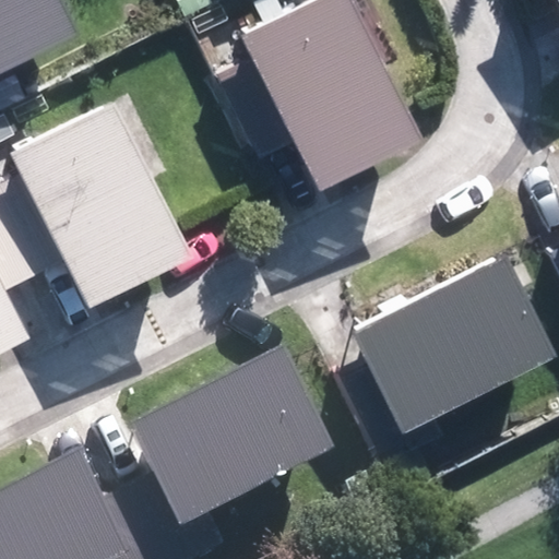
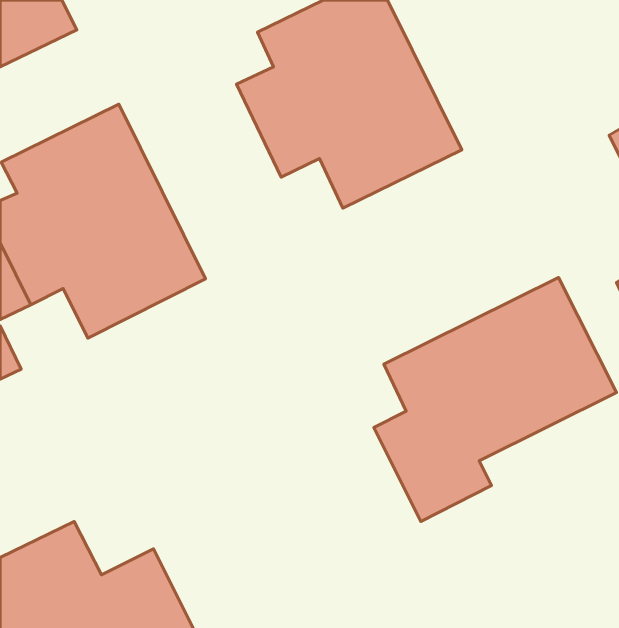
building: [127,360,332,539] -> none

